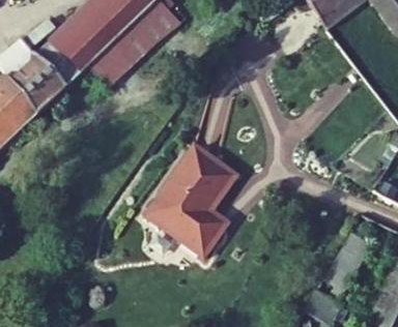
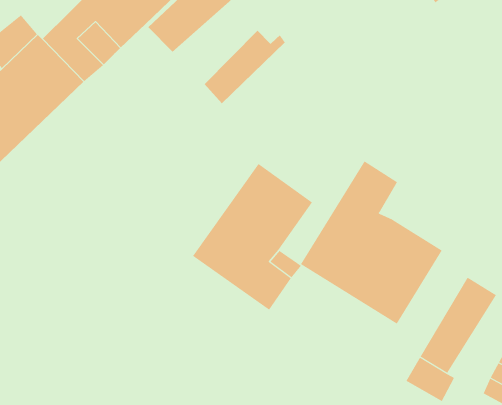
building: [92,44,133,85] -> none
building: none -> [204,30,286,104]
building: none -> [300,161,443,325]

